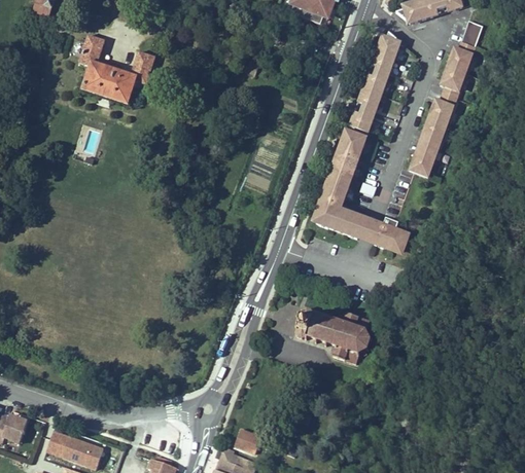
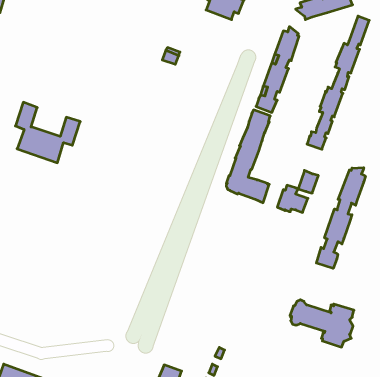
building: [78,34,154,105] -> [15,102,80,163]
building: none -> [316,168,365,268]
building: [357,217,381,244] -> [298,170,318,193]
building: [294,307,370,363] -> [290,300,354,347]

